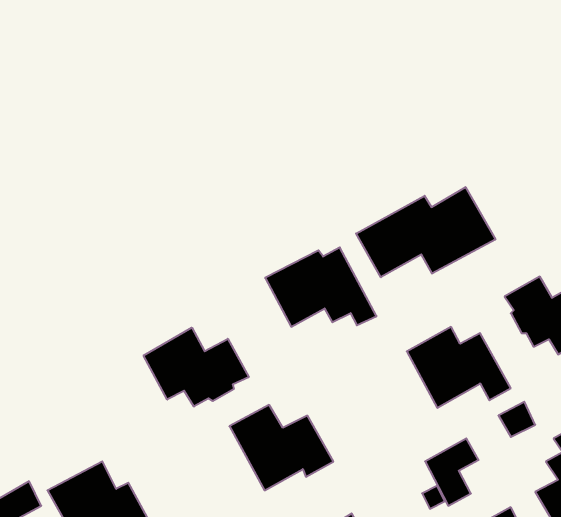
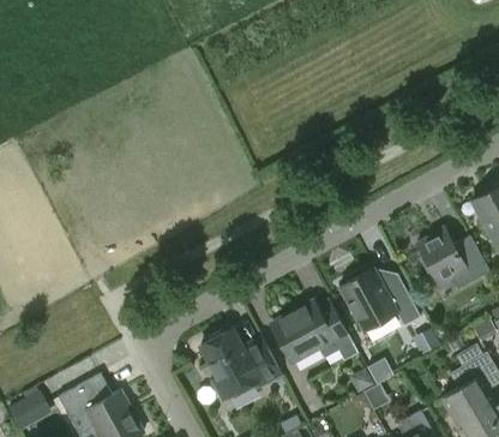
building: [356,187,495,277] -> none
building: [265,247,377,327] -> [271,300,359,363]
building: [144,328,249,407] -> none

